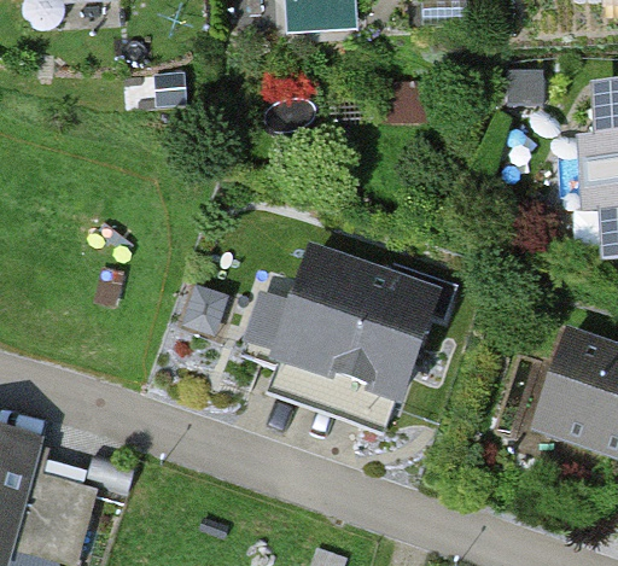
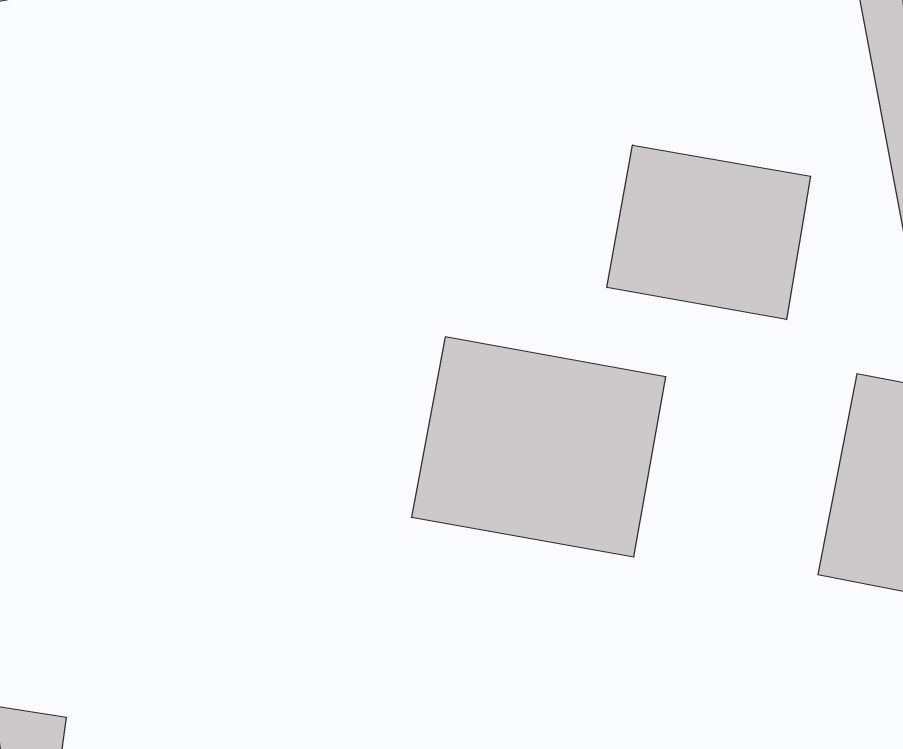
building: none -> [607,145,811,320]

